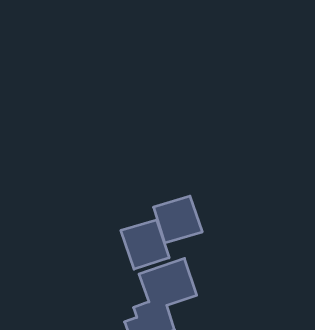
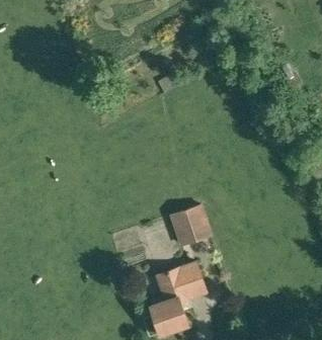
building: [121,220,169,269] -> none

